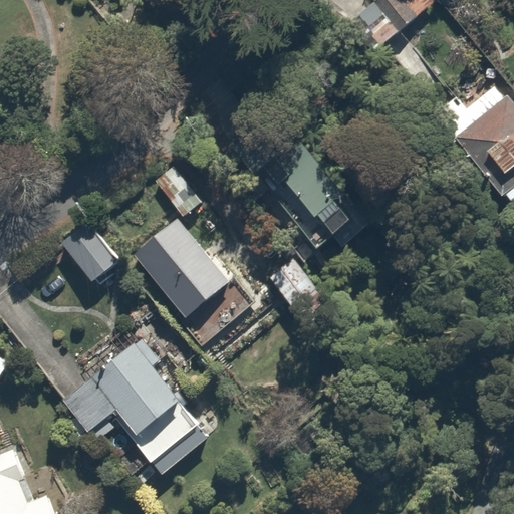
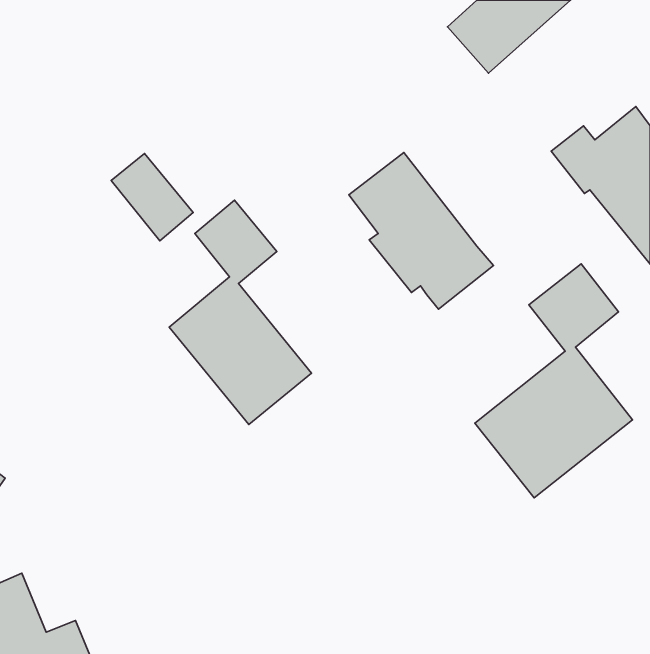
building: none -> [475,264,632,498]
building: [58,223,122,291] -> [111,154,193,241]
building: [61,339,203,471] -> none

